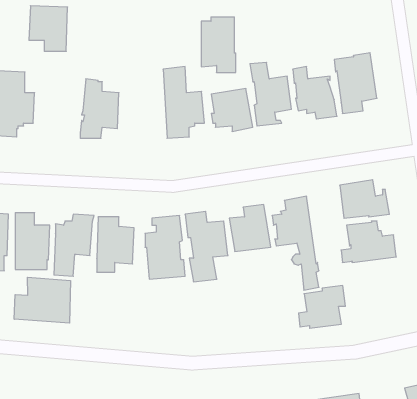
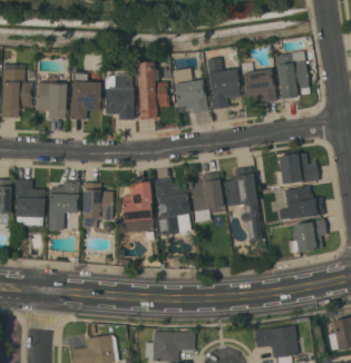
building: [29,6,68,51] -> [36,82,67,119]
building: [201,17,236,72] -> [106,75,134,119]
building: [14,277,70,323] -> none
building: [299,286,345,328] -> [289,218,326,253]

